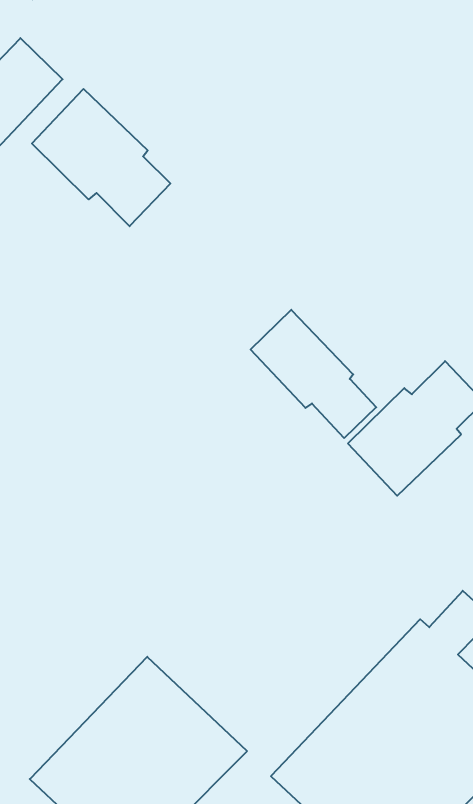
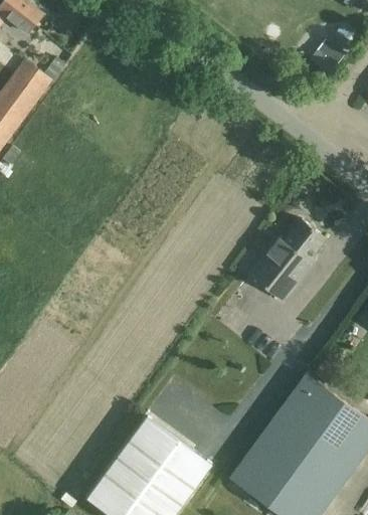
building: [32,89,170,226] -> none
building: [251,310,376,438] -> none

